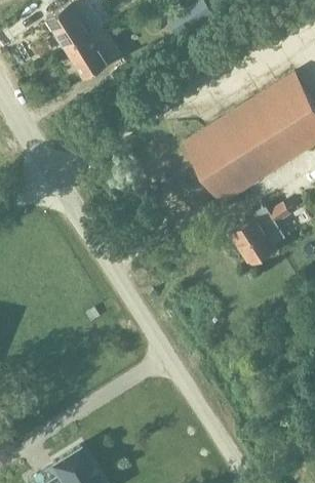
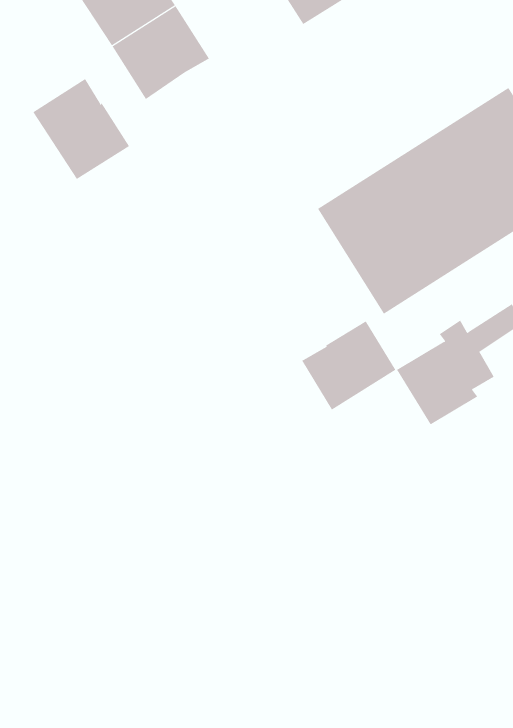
building: none -> [32,78,130,180]
building: none -> [302,320,396,410]

